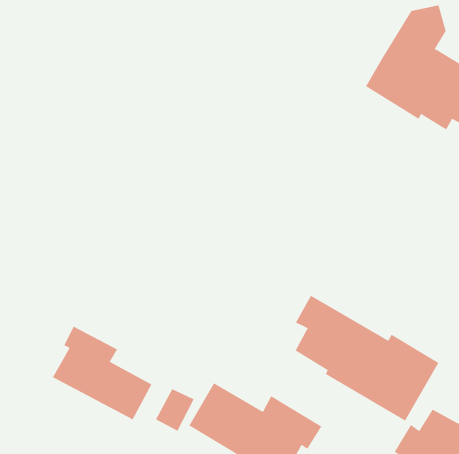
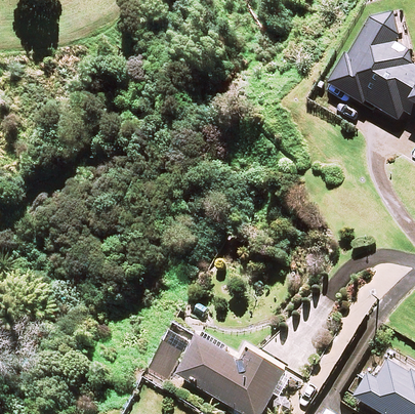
building: [295,295,439,422] -> none
building: [52,326,152,420] -> none

